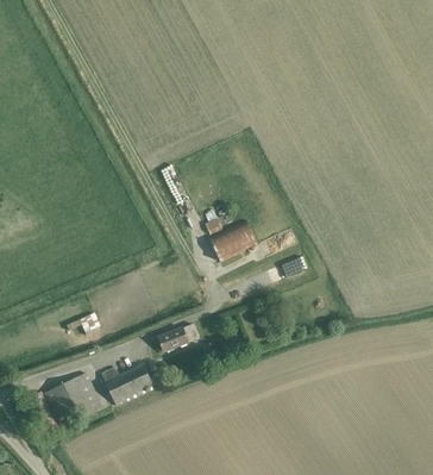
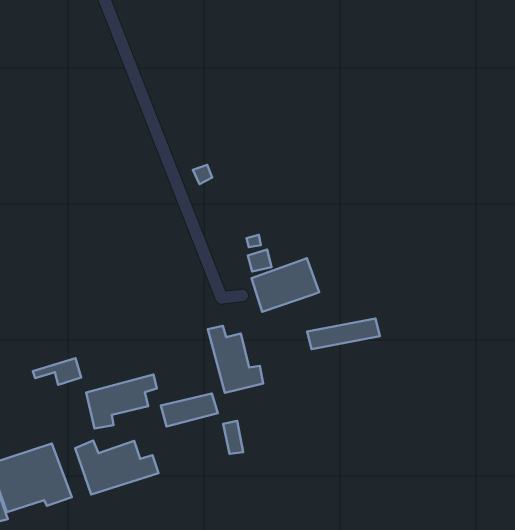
building: none -> [208,326,263,393]
building: none -> [86,375,157,429]

